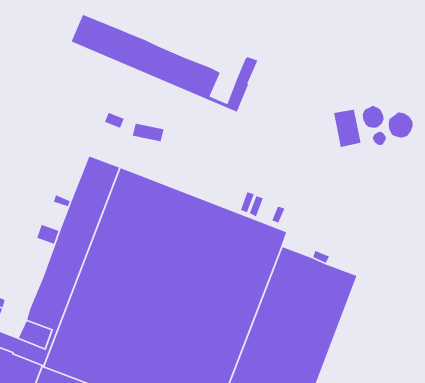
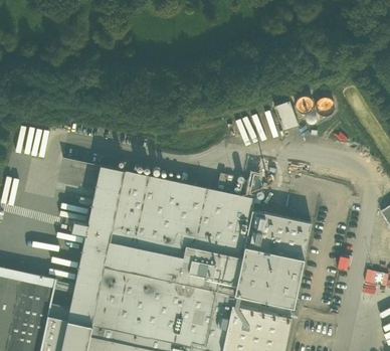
building: [71,14,258,113] -> none

